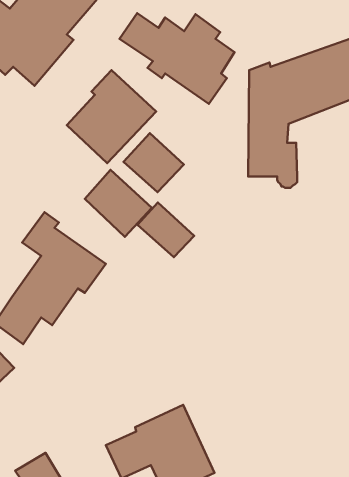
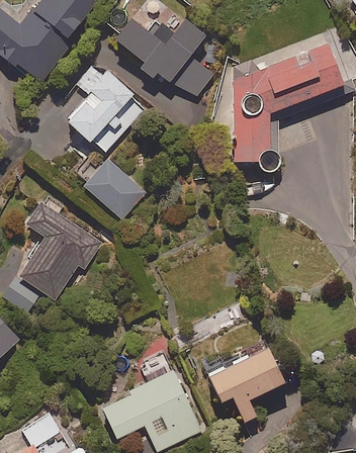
building: [124,133,184,192] -> none
building: [138,203,194,257] -> none
building: none -> [210,346,287,422]

